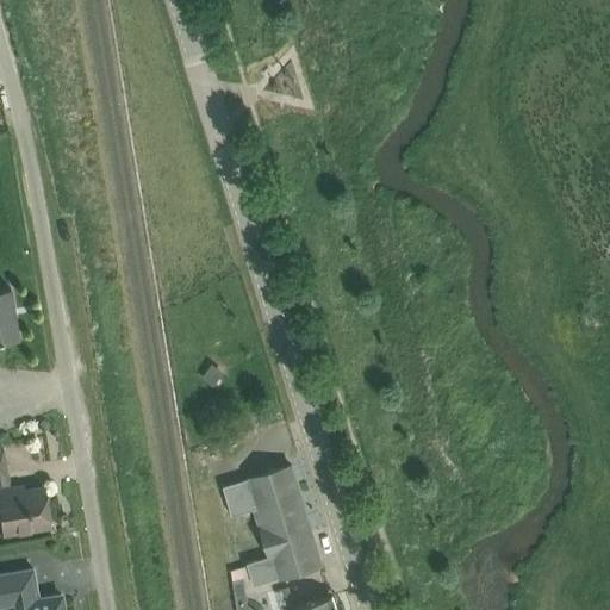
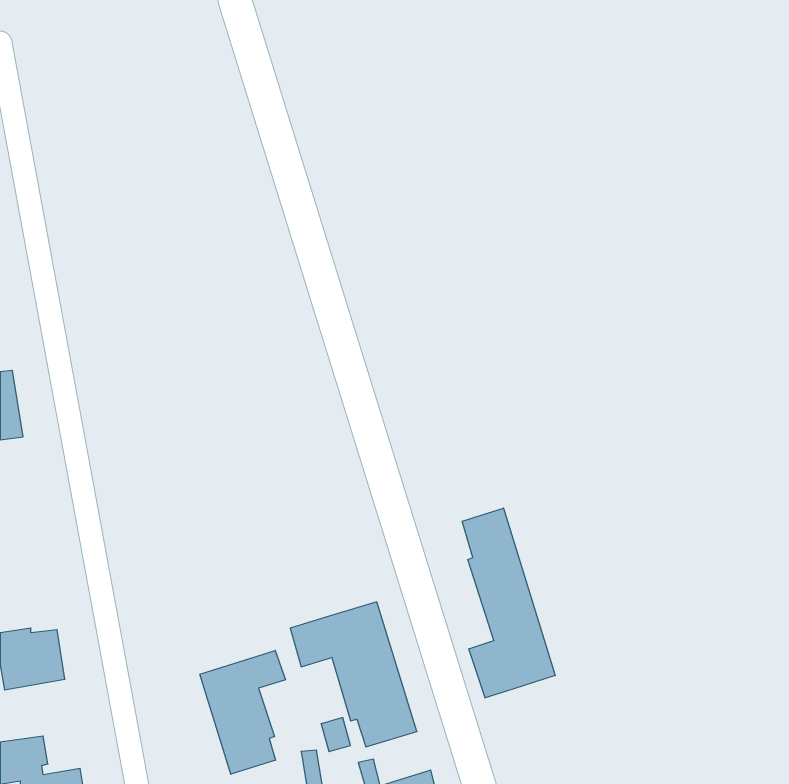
building: none -> [462,508,555,698]
building: none -> [200,650,285,774]

